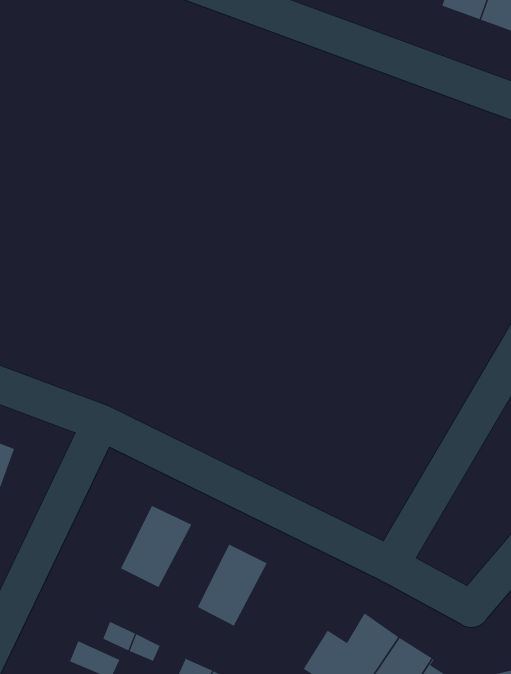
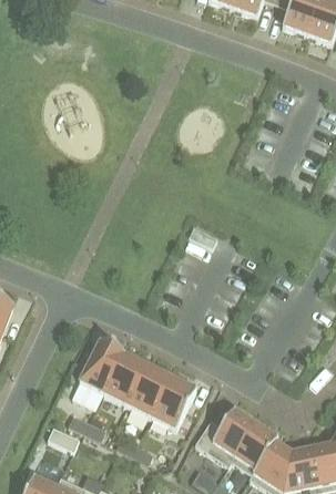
building: none -> [103,351,147,403]
building: none -> [151,375,196,428]

